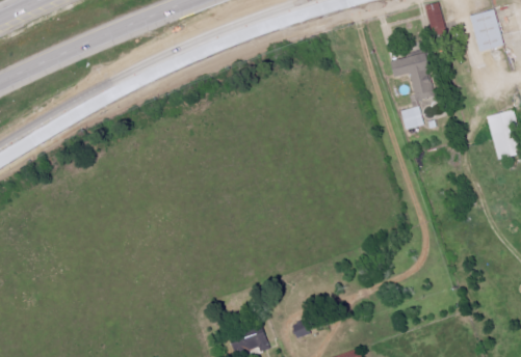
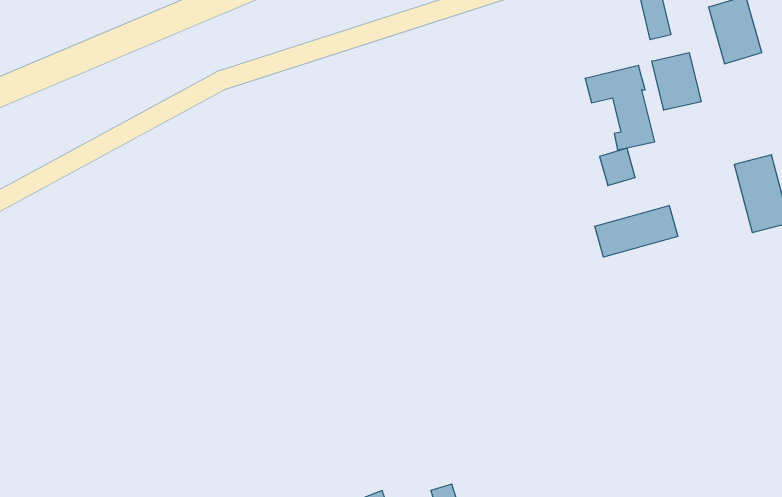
building: none -> [652,53,701,110]
building: none -> [595,205,678,257]

